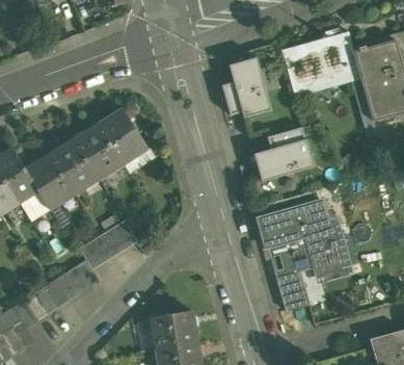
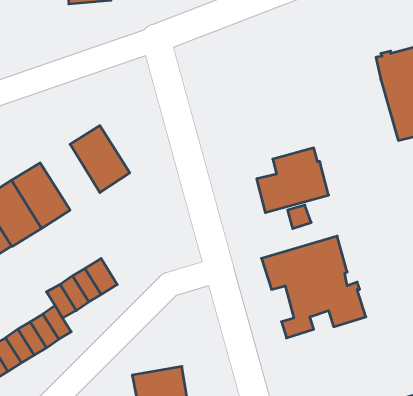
building: [280,31,357,88] -> none
building: [221,57,271,118] -> none
building: [73,124,123,179] -> none
building: [278,279,308,310] -> none

